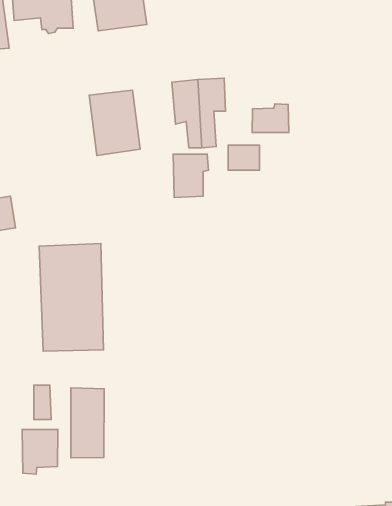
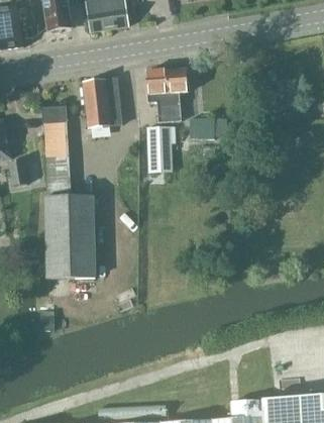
building: [252,104,289,133] -> none
building: none -> [43,106,69,190]
building: [71,388,104,458] -> none
building: [22,429,58,474] -> none

